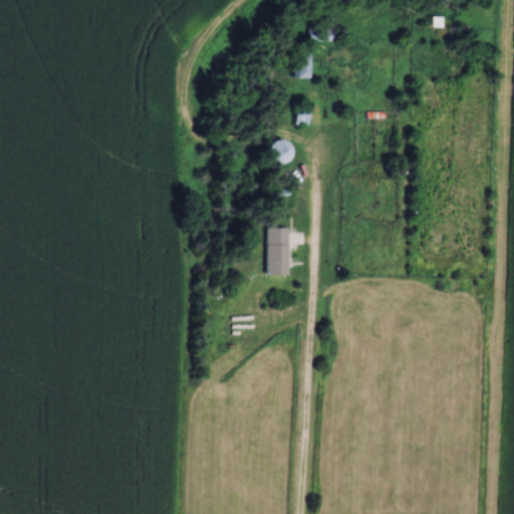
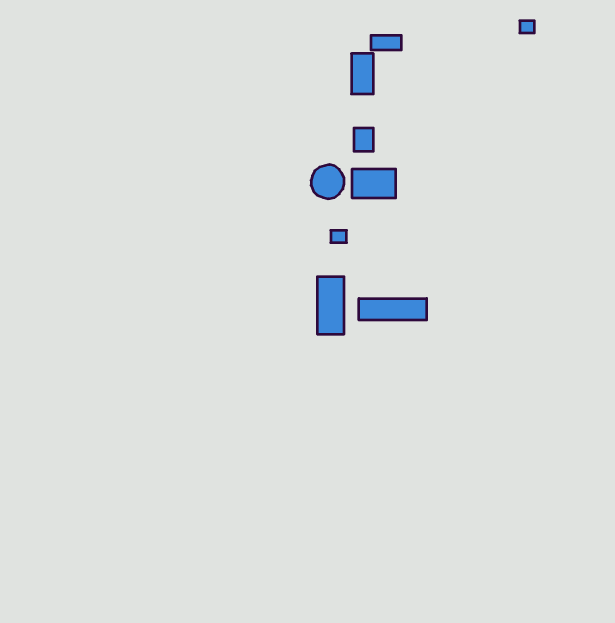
building: none -> [352,169,396,198]
building: none -> [359,298,427,320]

